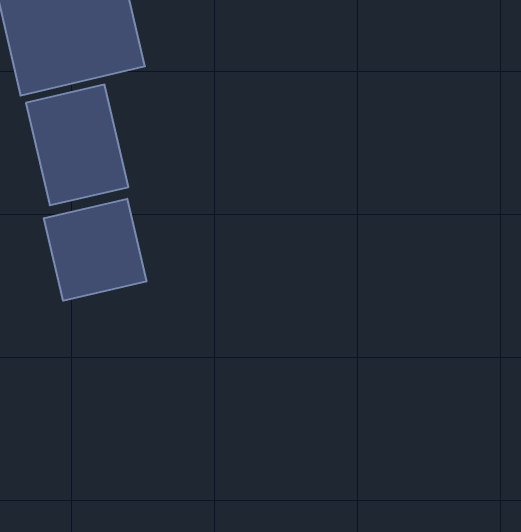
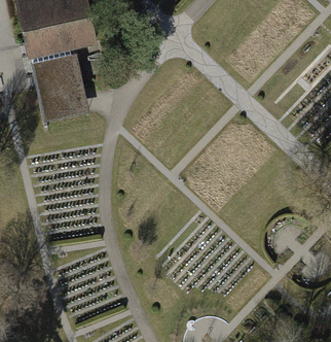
building: [44,199,146,301] -> none

